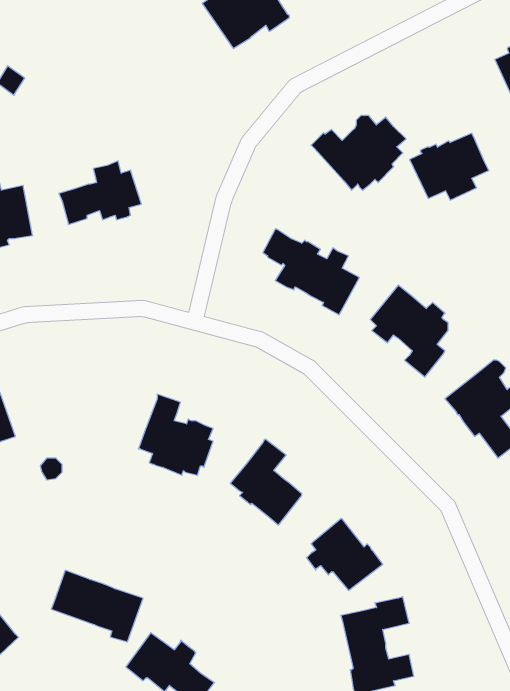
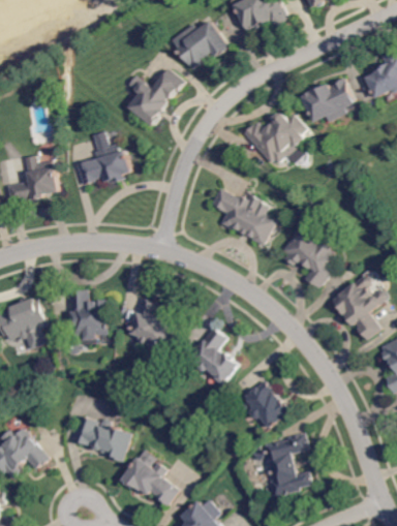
building: none -> [126,69,184,127]
building: [410,133,489,200] -> [301,79,354,123]
building: none -> [69,289,106,340]

